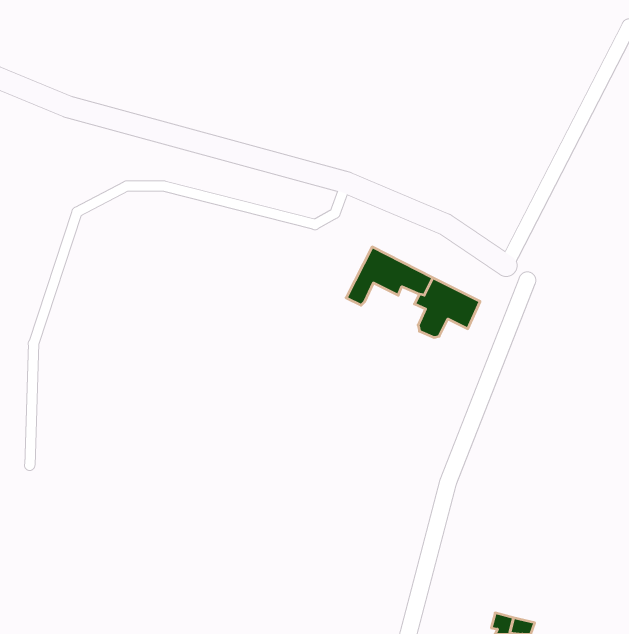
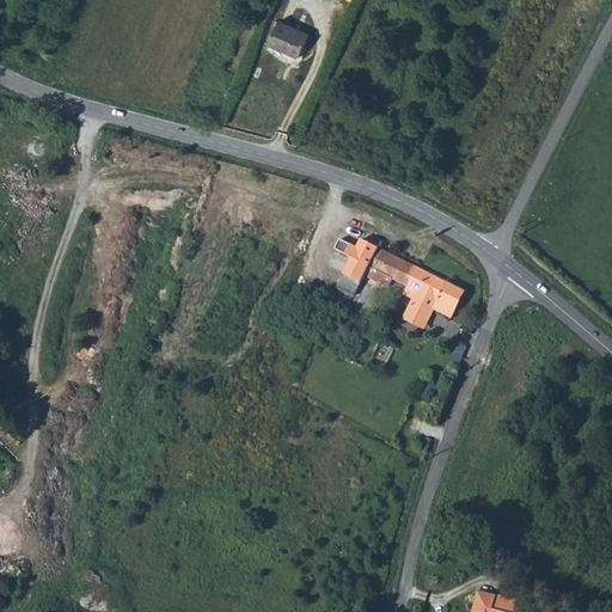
building: none -> [265,19,306,57]

